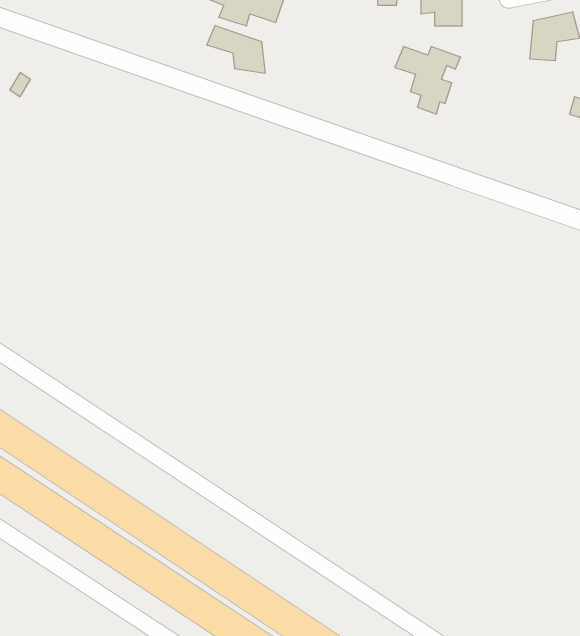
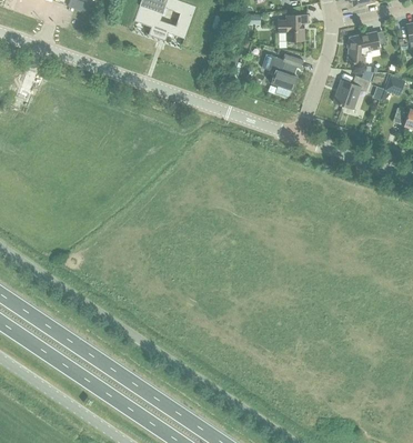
building: [207,25,265,73] -> none
building: none -> [333,74,370,109]

